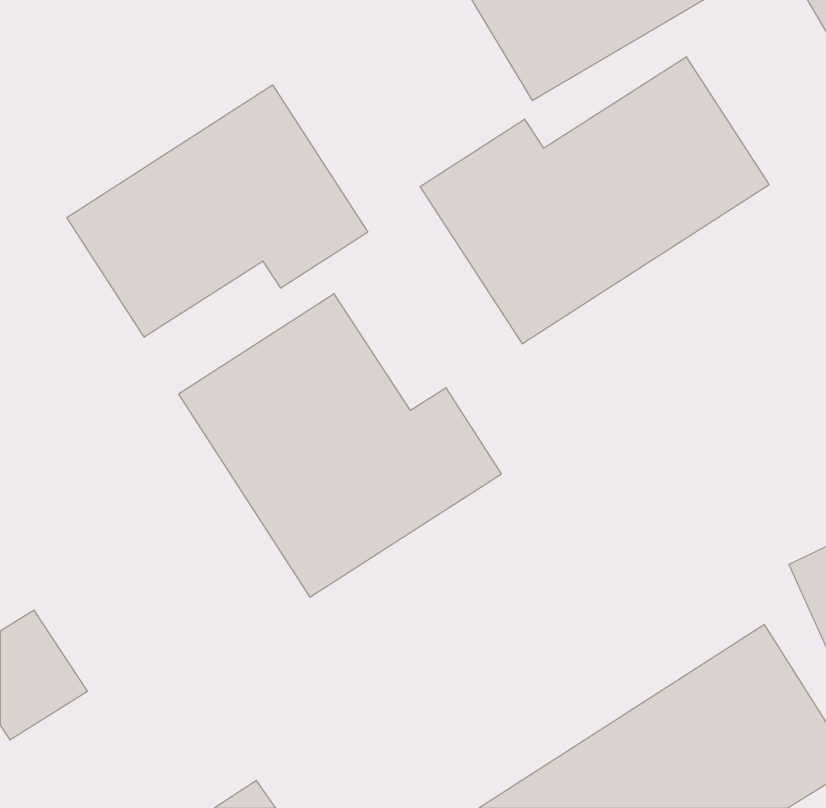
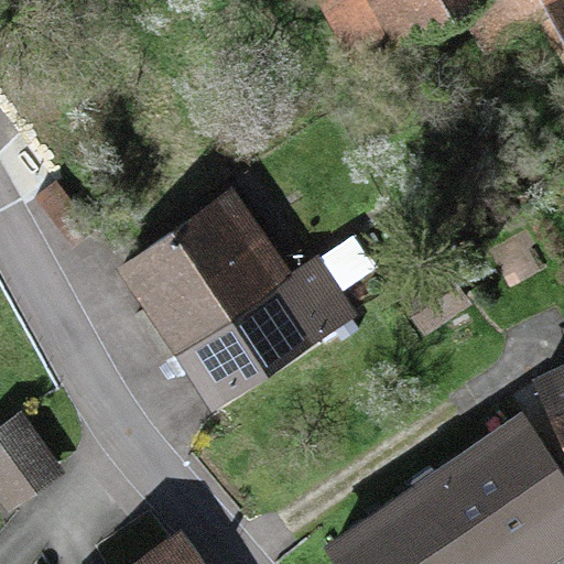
building: [420,57,769,344] -> none
building: [67,85,368,337] -> none

